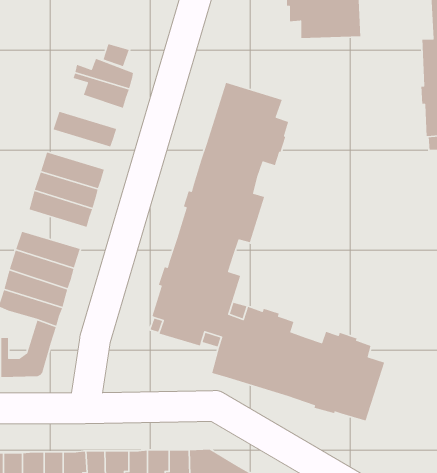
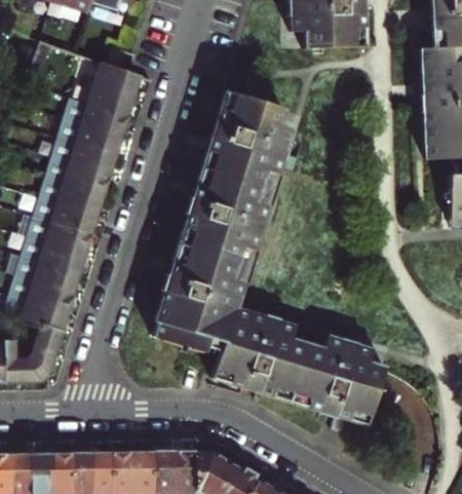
building: none -> [65,98,128,136]
building: none -> [52,137,116,176]
building: none -> [28,216,92,254]

